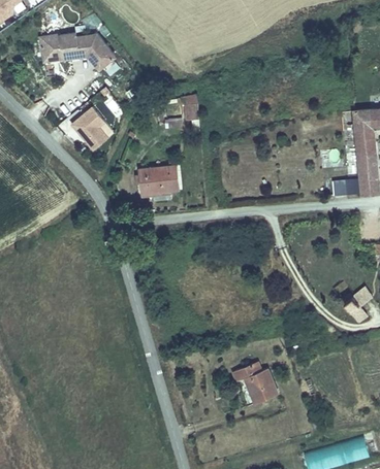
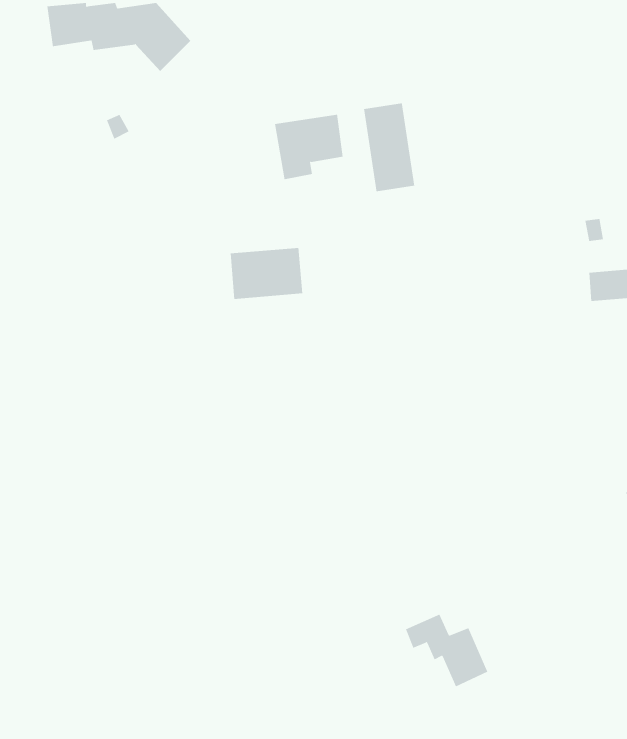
building: none -> [364,103,415,192]
building: [71,107,108,150] -> none

